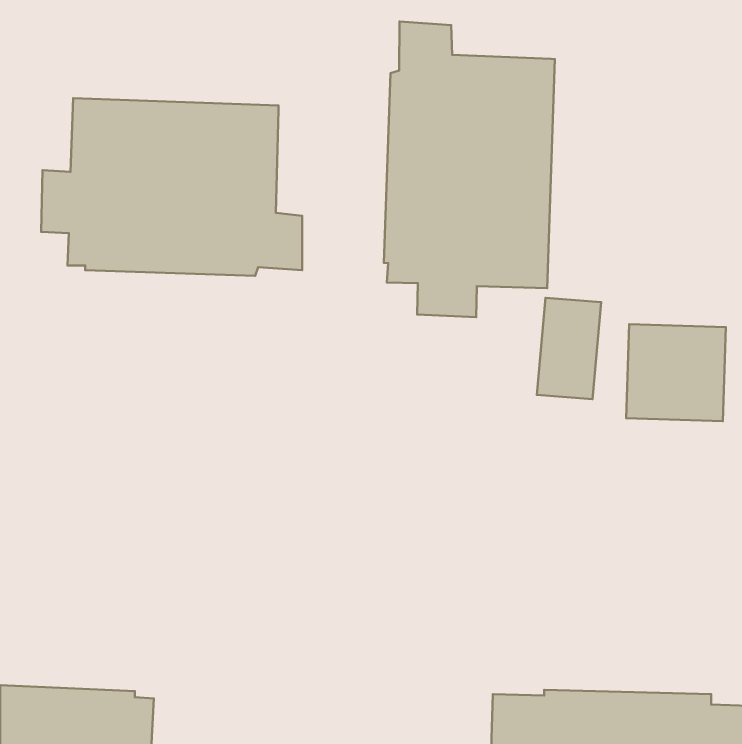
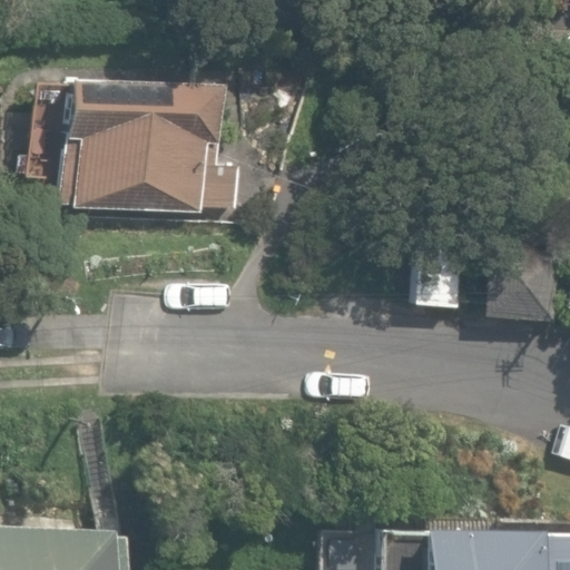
building: [384,21,555,317] -> none

